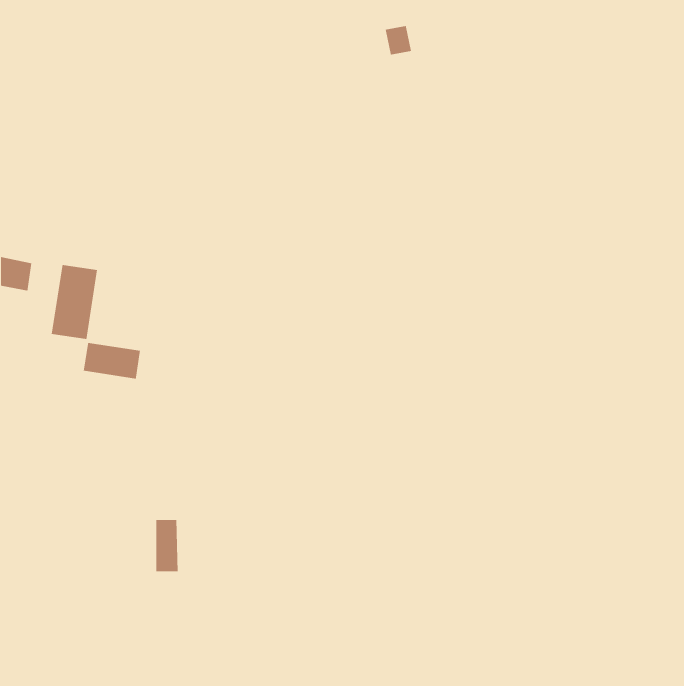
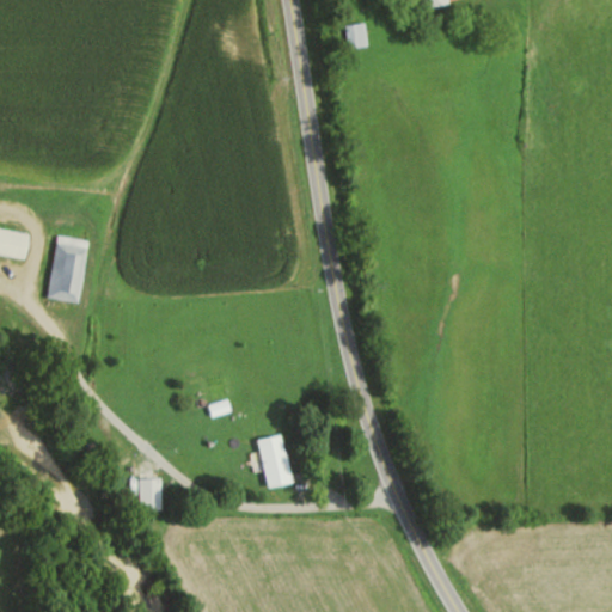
building: [83,342,141,379] -> none
building: none -> [257,434,293,488]

